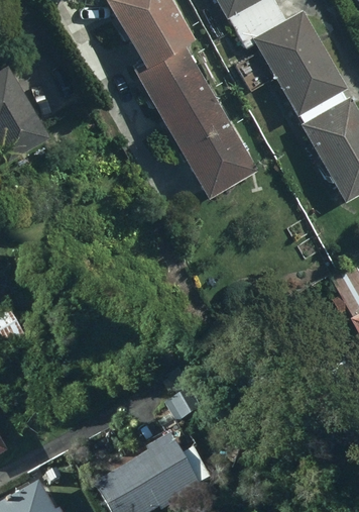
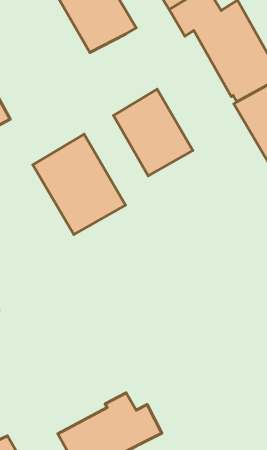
building: [125,40,210,130] -> none
building: none -> [33,134,126,234]

